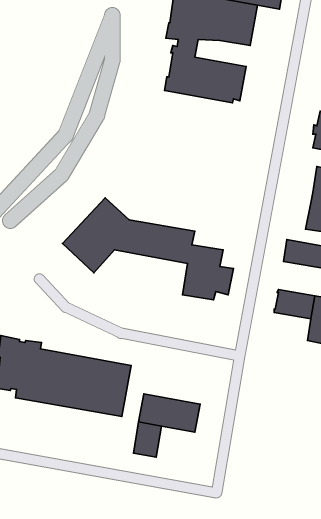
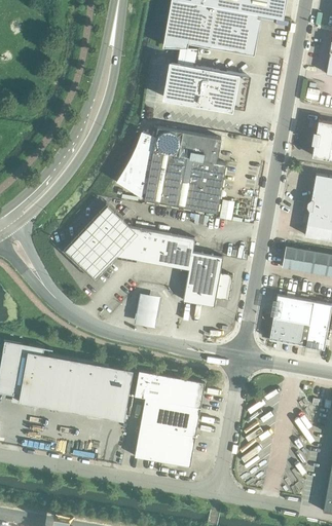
building: none -> [119,126,225,213]
building: none -> [136,295,162,331]
building: none -> [268,317,308,345]
building: none -> [134,371,204,408]
building: none -> [156,429,194,466]

